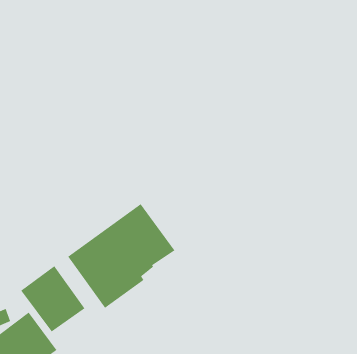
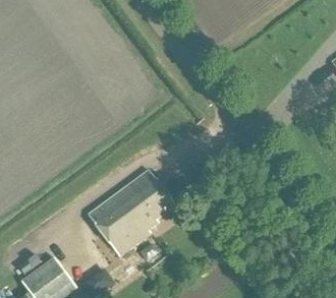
building: [20,265,86,333] -> none

